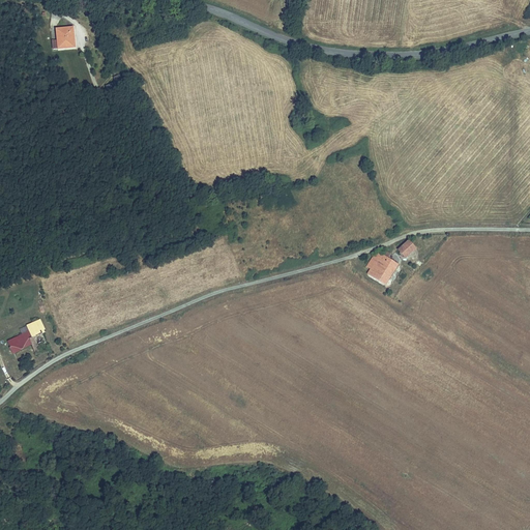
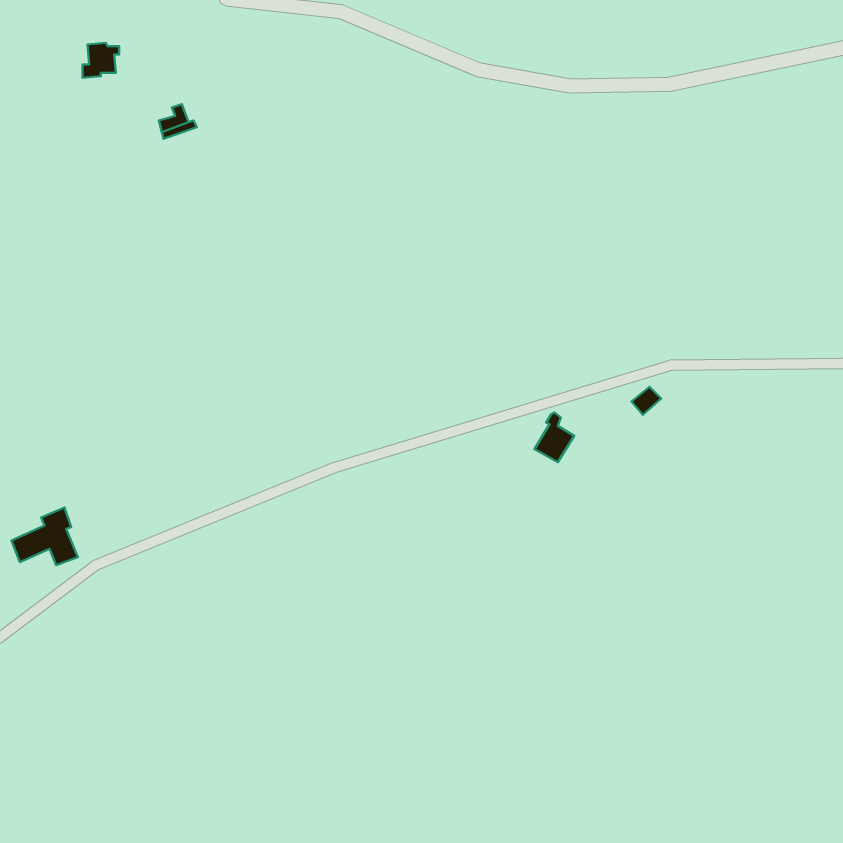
building: [371,251,395,282] -> [535,413,574,462]

